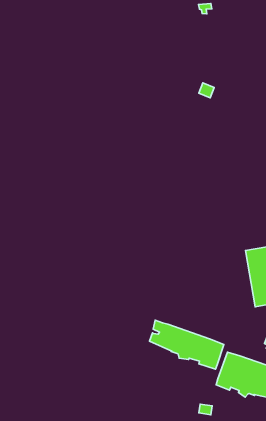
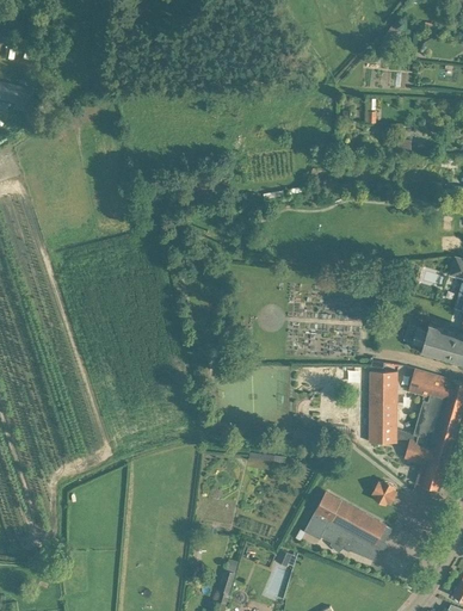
building: [150,320,224,369] -> none

